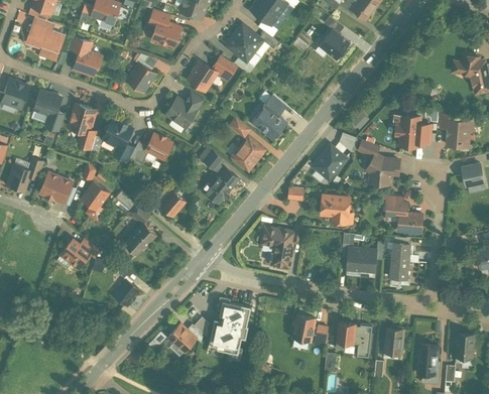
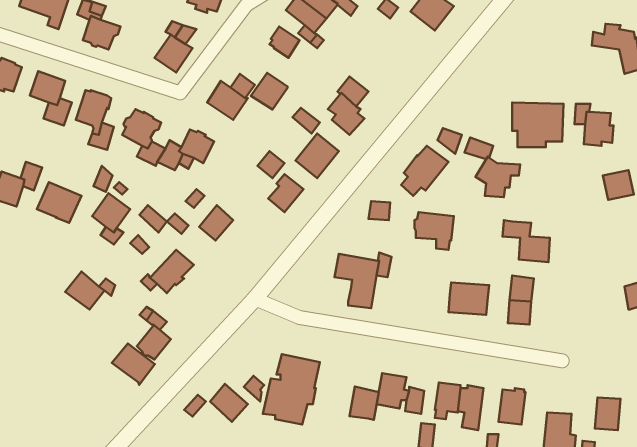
building: [189,62,216,90] -> [251,73,288,110]
building: none -> [112,344,155,385]
building: none -> [350,386,379,420]

